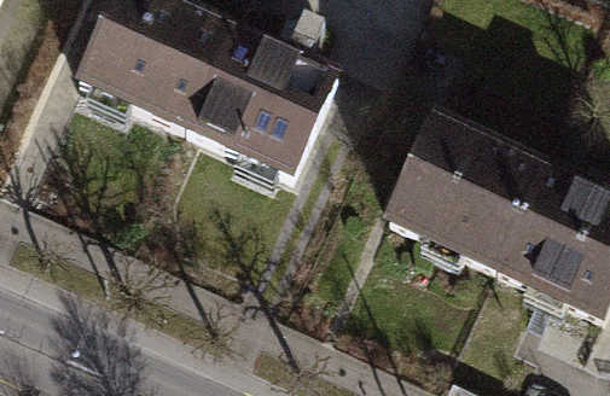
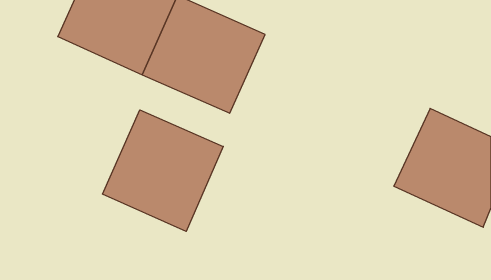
building: [385,123,533,266] -> none
building: none -> [102,110,223,231]

